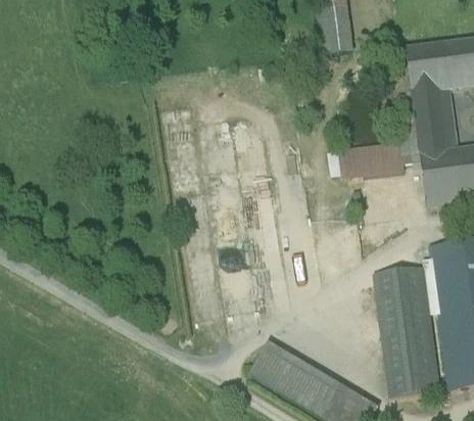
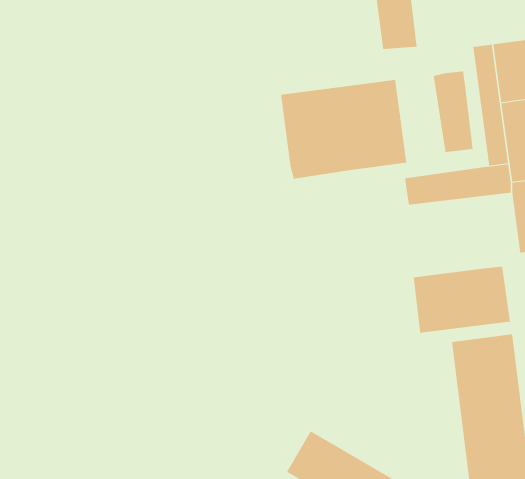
building: none -> [433,70,473,153]
building: none -> [280,79,407,179]
building: none -> [413,266,510,334]

